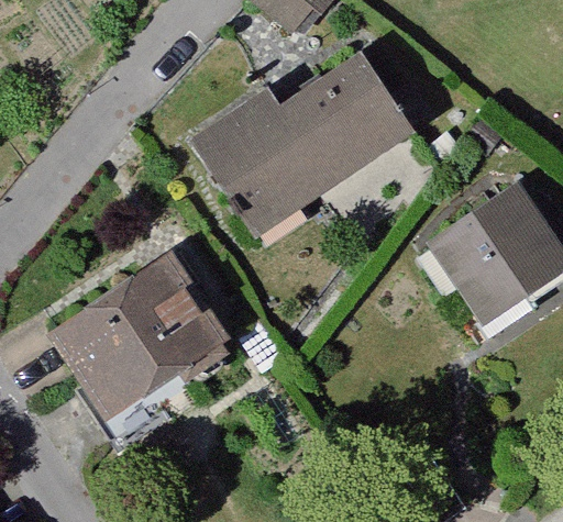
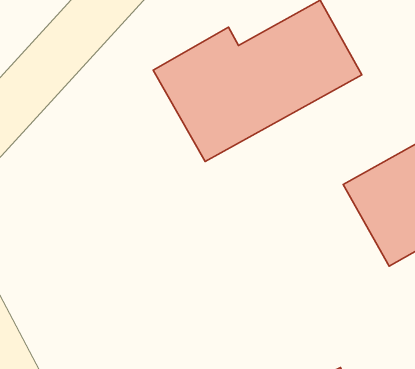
building: [53,255,233,423] -> none

